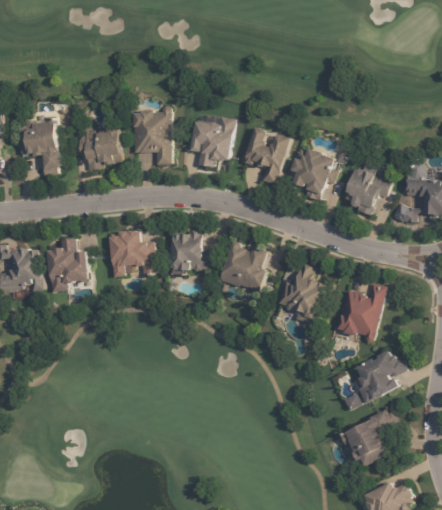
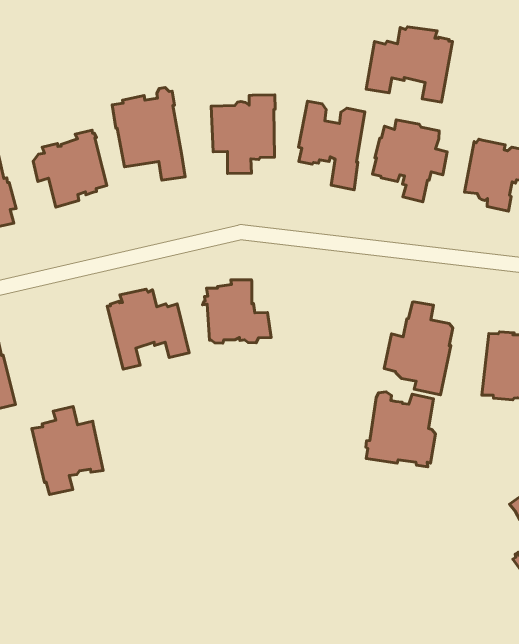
building: none -> [366,27,452,102]
building: [47,239,88,292] -> [32,407,103,494]
building: [220,239,268,290] -> [366,392,436,467]

